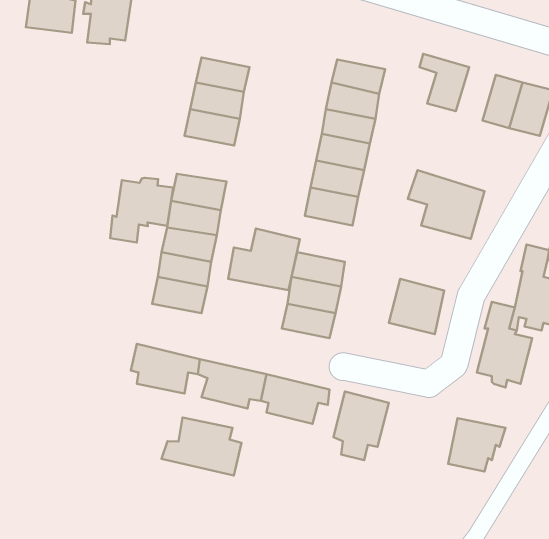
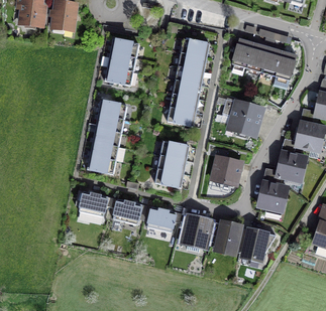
building: none -> [247,44,268,72]
building: [110,178,173,242] -> none
building: [228,229,300,290] -> none
building: none -> [216,222,241,252]
building: [162,418,242,475] -> none

